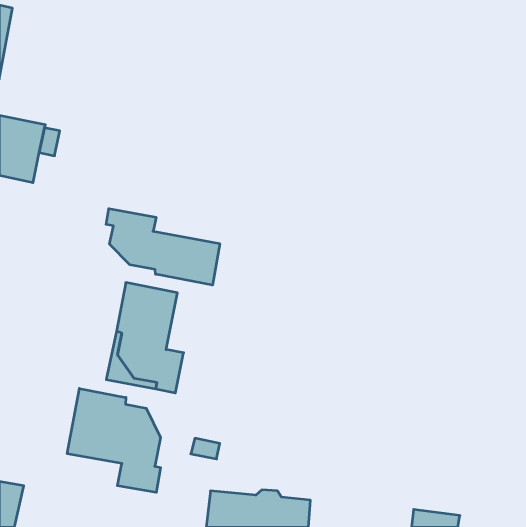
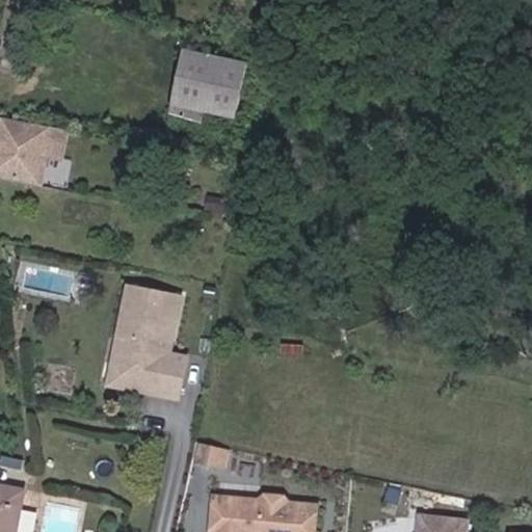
building: none -> [168,52,245,134]
building: [106,209,220,285] -> none
building: [67,388,161,492] -> none

